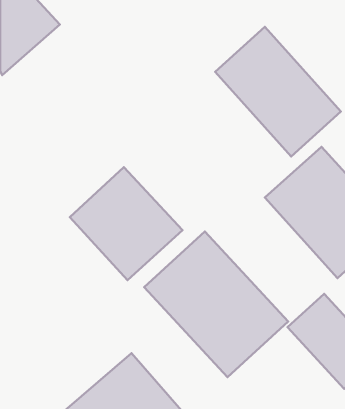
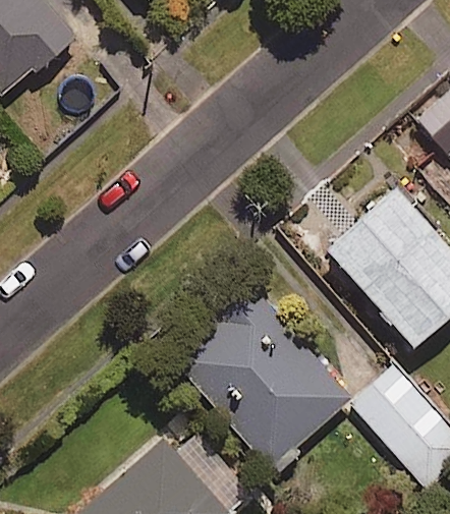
building: [215,27,341,156] -> none
building: [70,167,182,280] -> none

